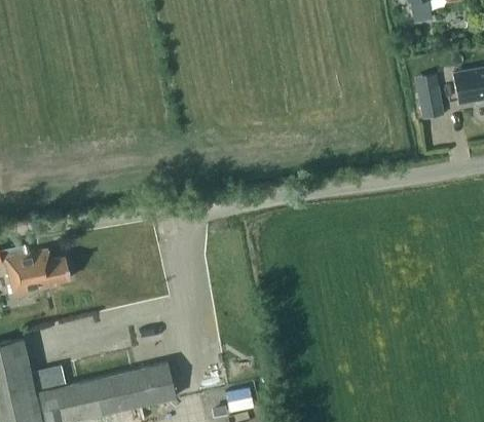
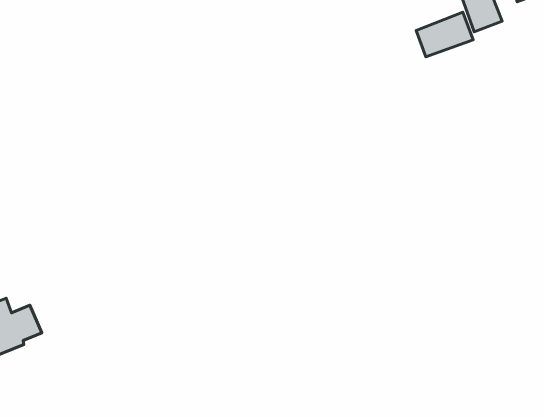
building: none -> [416,12,473,57]

